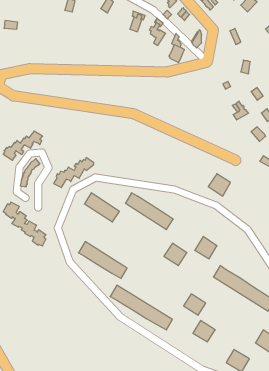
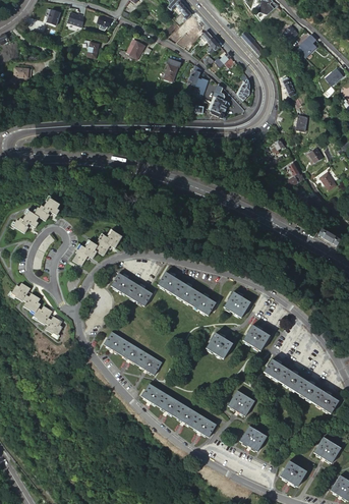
building: [208,174,230,196] -> [223,291,249,318]

